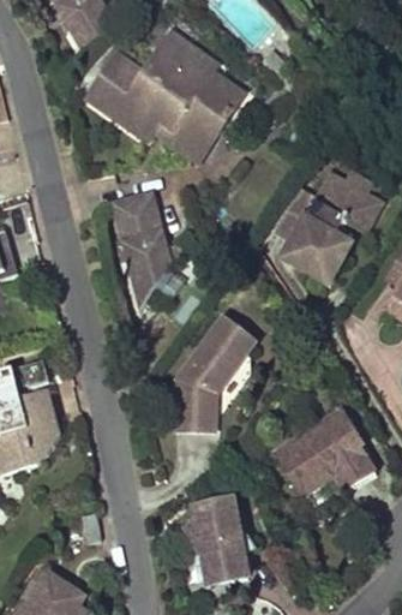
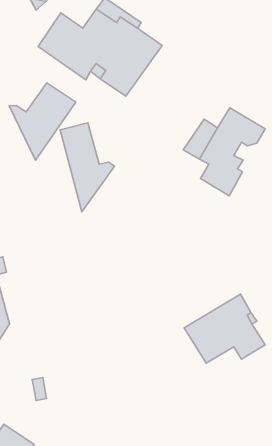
building: none -> [9,83,76,160]
building: [174,315,254,429] -> none
building: [188,500,257,581] -> none

